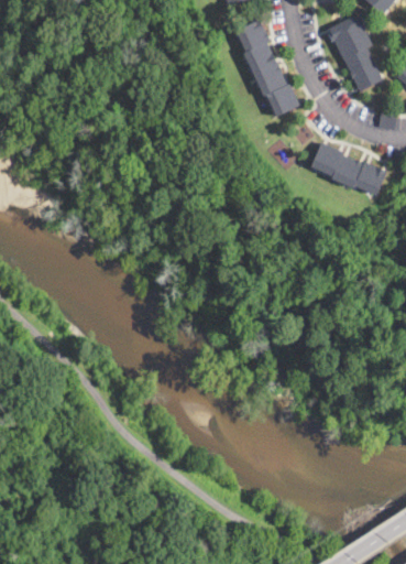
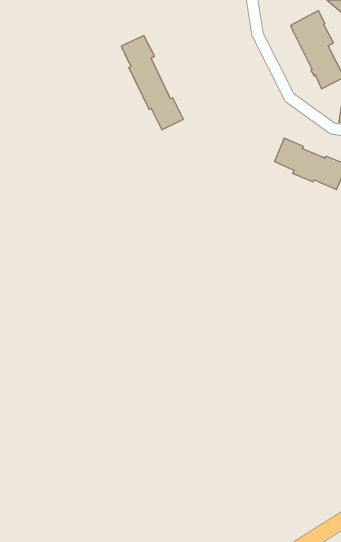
building: [235,19,299,116] -> [121,36,183,130]

